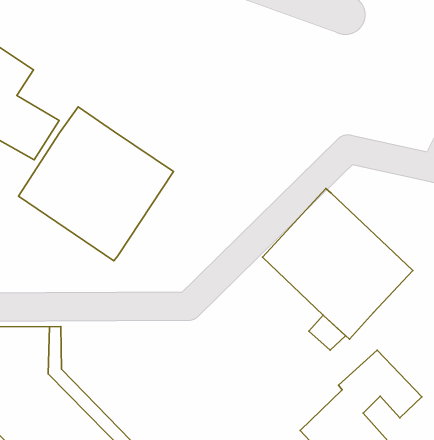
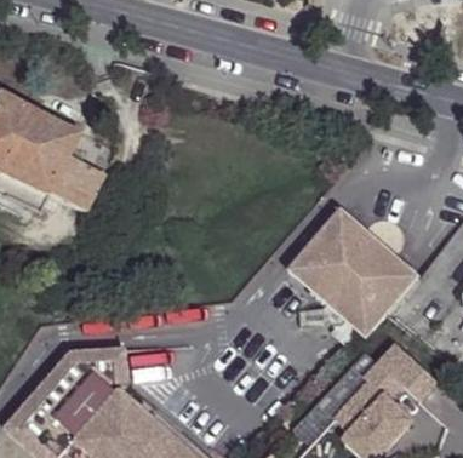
building: [19,107,174,261] -> none

